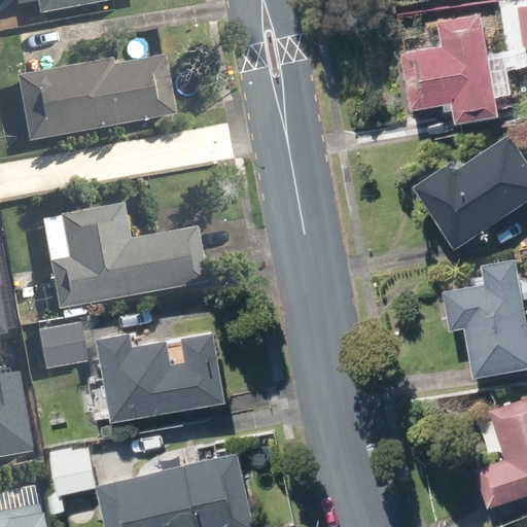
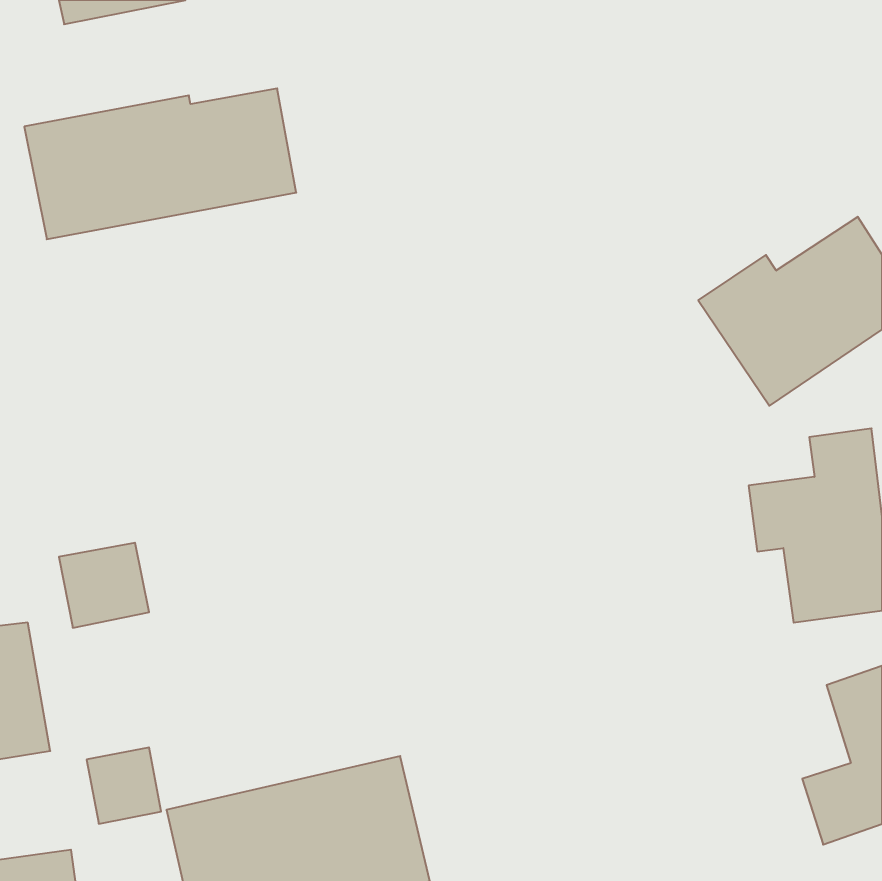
building: [402,12,497,119] -> none
building: [42,208,208,312] -> none
building: [100,331,229,420] -> none

